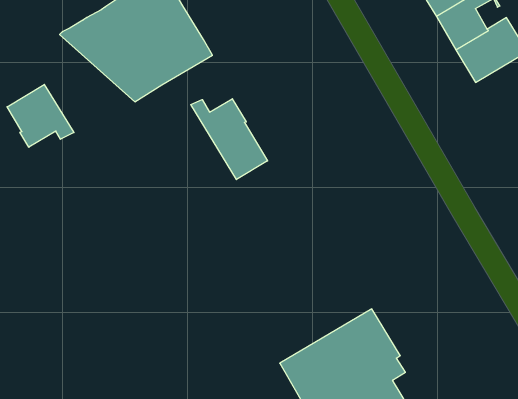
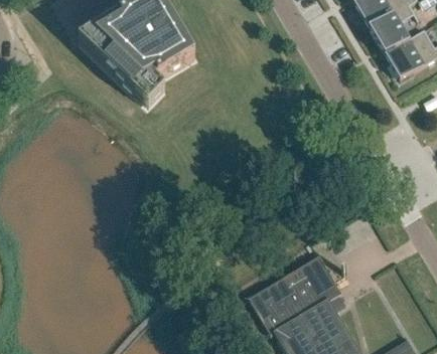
building: [7,84,74,147] -> none
building: [191,99,268,180] -> none

